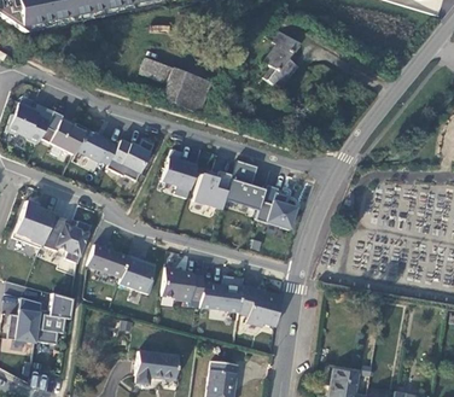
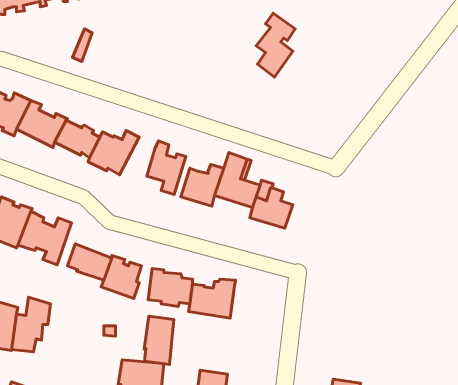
building: [142,57,210,111] -> none
building: [239,284,281,325] -> none
building: none -> [144,316,174,364]

